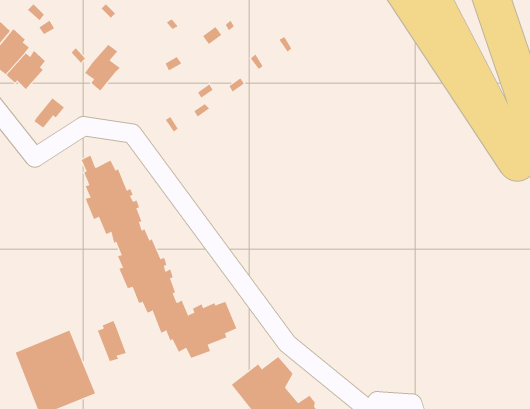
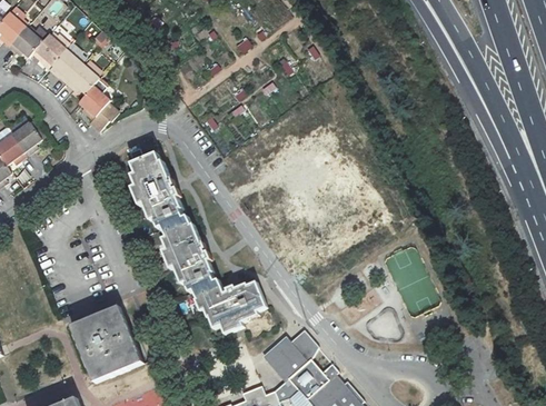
building: [84,44,121,92] -> [73,75,106,117]
building: [97,320,127,362] -> none

